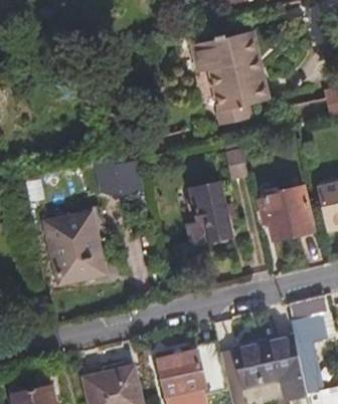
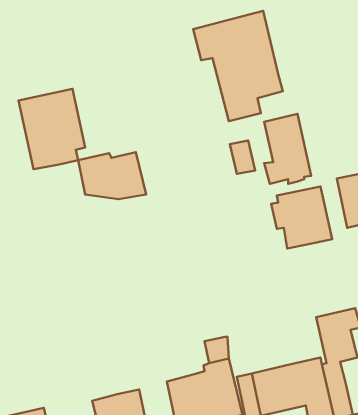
building: [184,181,225,242] -> [264,114,311,184]
building: [41,210,100,280] -> [18,89,85,169]

